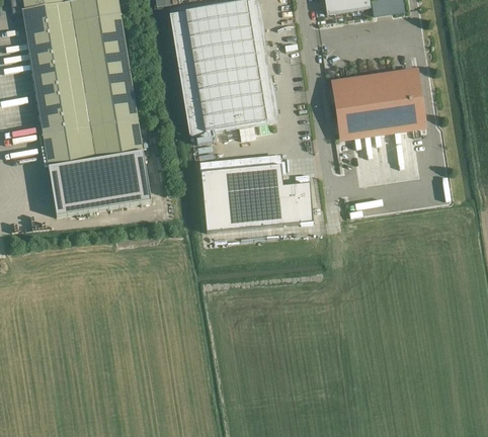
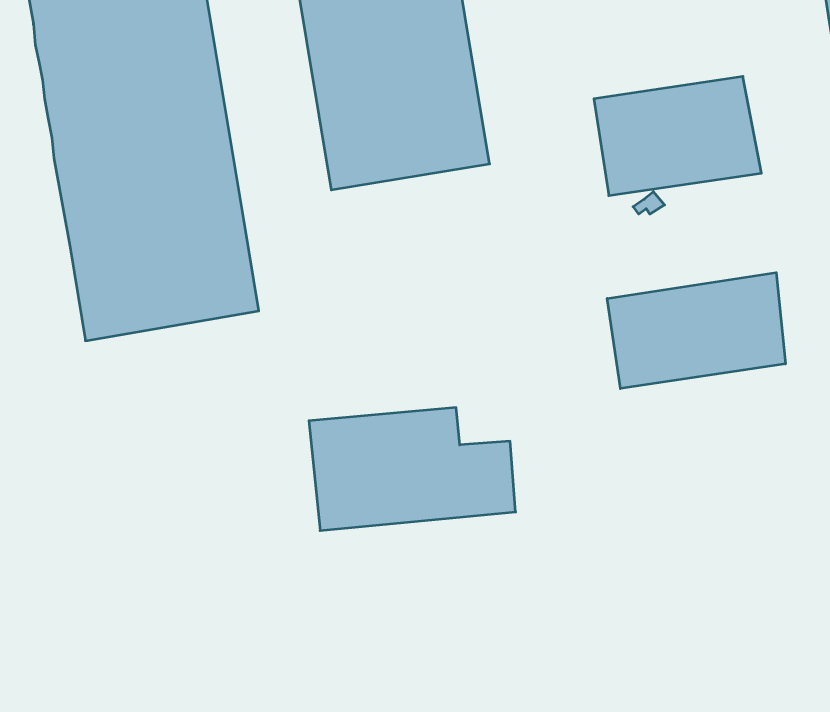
building: [200,163,313,230] -> [309,408,516,531]
building: none -> [607,273,785,389]

